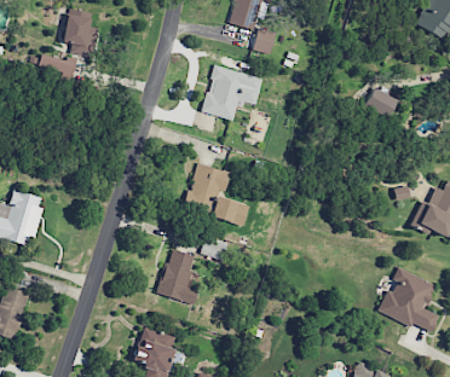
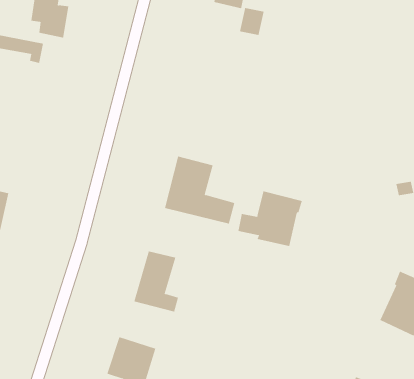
building: [202,65,264,120] -> none
building: [365,88,398,117] -> none
building: none -> [238,190,303,247]

